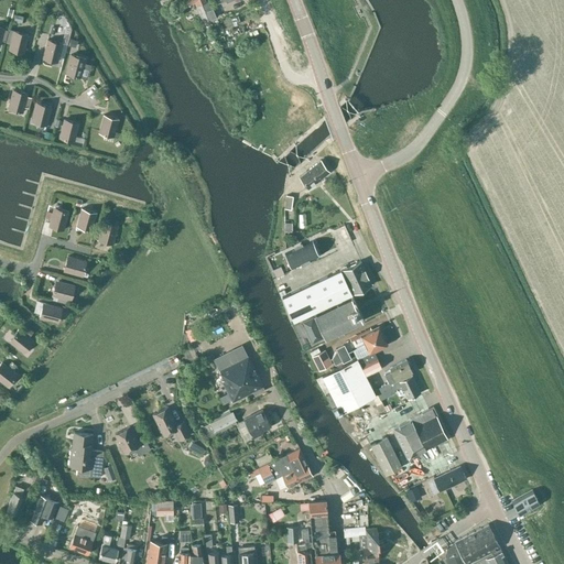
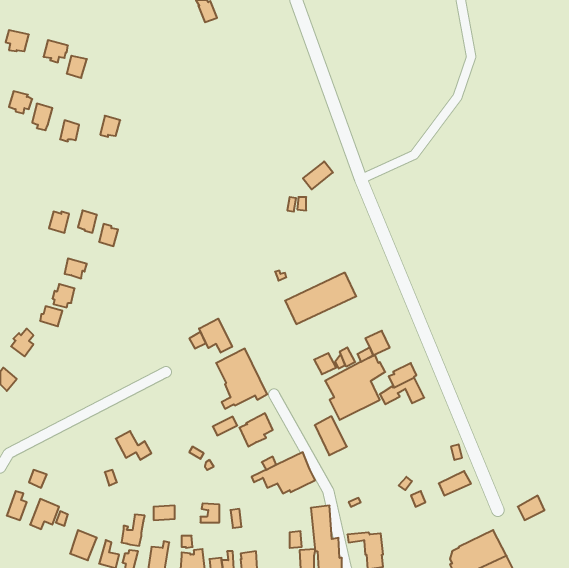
building: [284,241,319,270] -> none
building: [341,261,371,294] -> none
building: [302,299,361,344] -> none
building: none -> [199,319,232,353]
building: [153,408,191,441] -> none
building: [392,410,446,459] -> none
building: [69,433,104,478] -> none
building: [370,437,402,476] -> [315,416,347,455]

